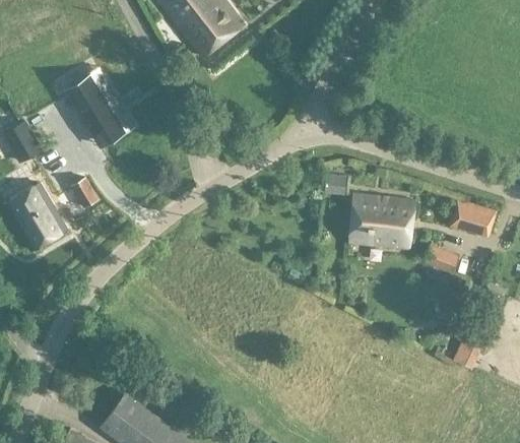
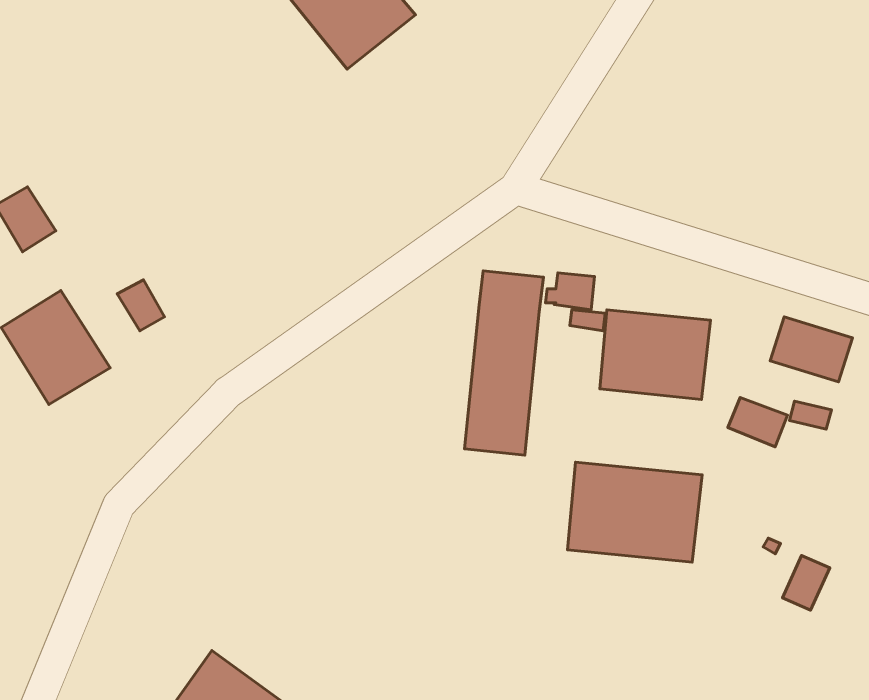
building: [67,69,133,142] -> none
building: none -> [464,271,543,455]
building: none -> [567,462,702,562]

